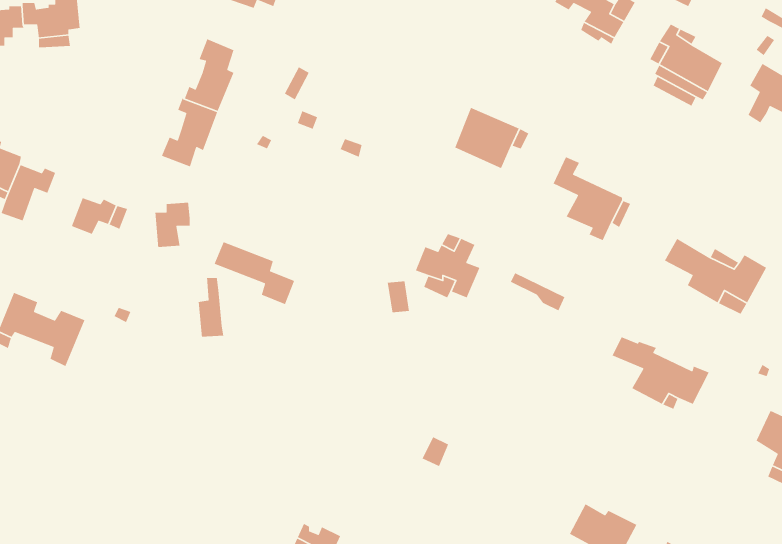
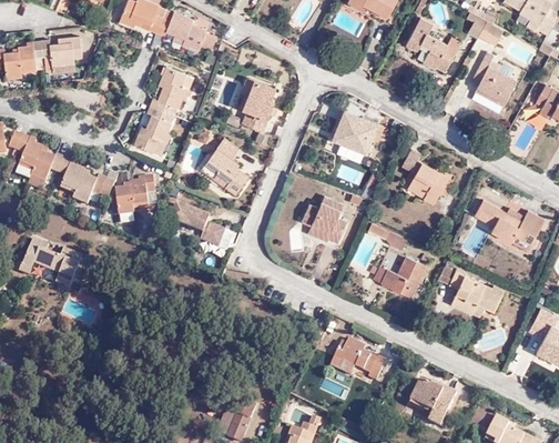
building: none -> [242,74,276,132]
building: none -> [201,139,247,193]
building: none -> [58,157,83,193]
building: [198,277,224,338] -> [115,174,133,215]
building: none -> [373,256,428,296]
building: none -> [328,339,384,383]

